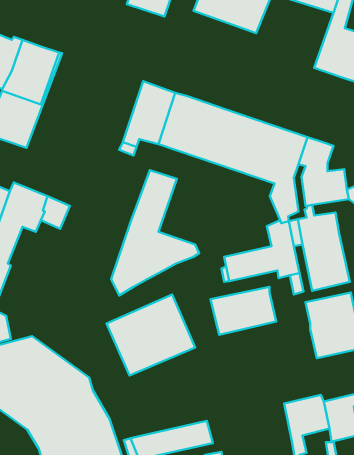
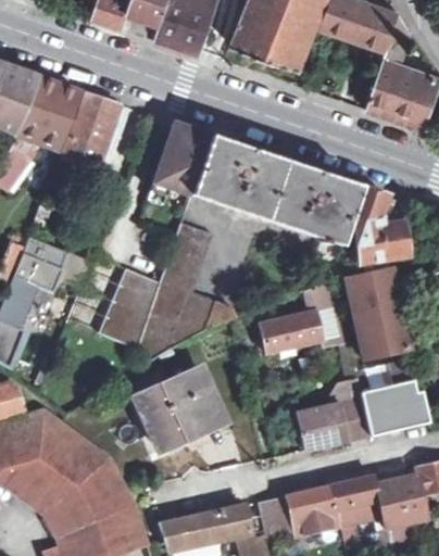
building: none -> [52,92,118,186]
building: none -> [98,266,159,348]
building: [211,287,276,335] -> [294,395,368,450]
building: none -> [258,485,340,538]

